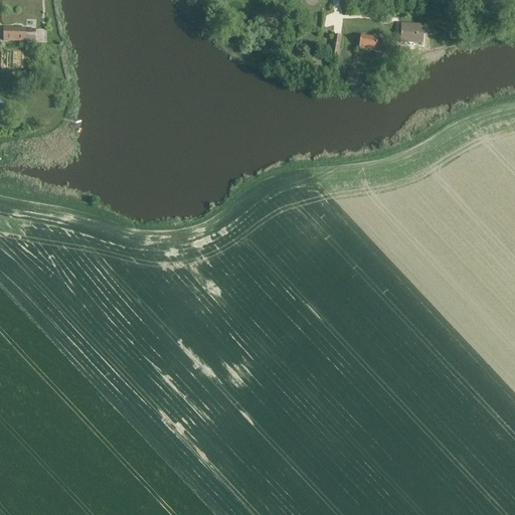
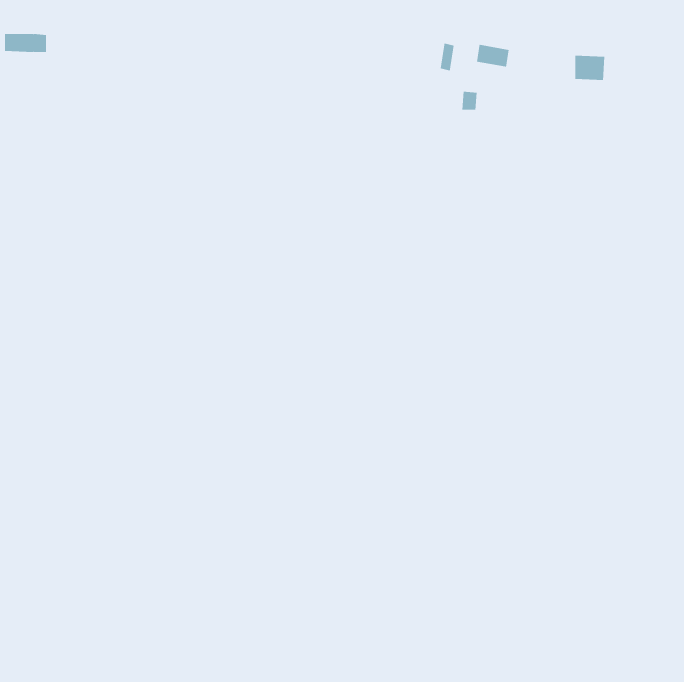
building: [401,22,424,41] -> [574,55,605,81]

